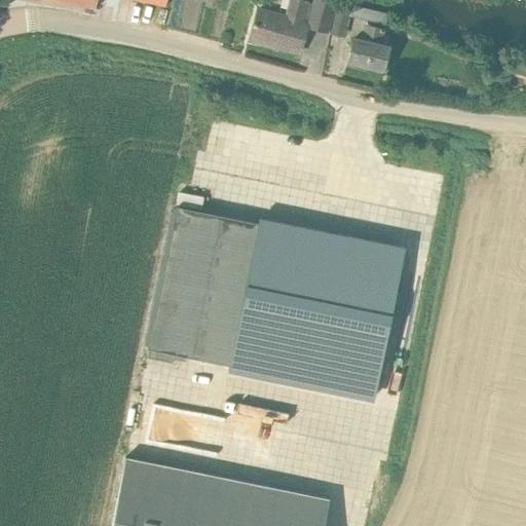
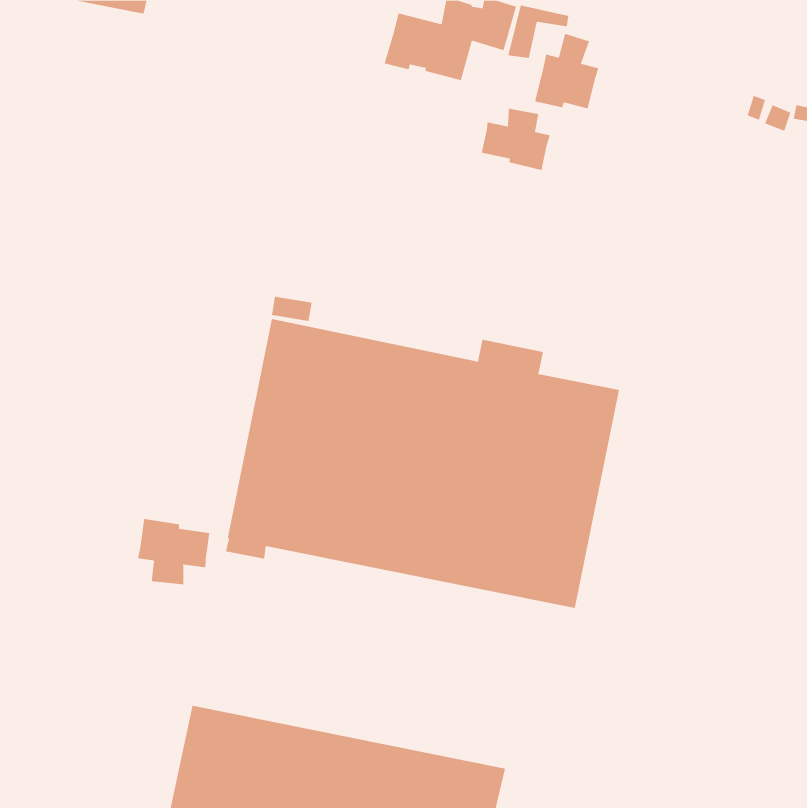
building: none -> [481,108,550,171]
building: none -> [137,518,210,585]

